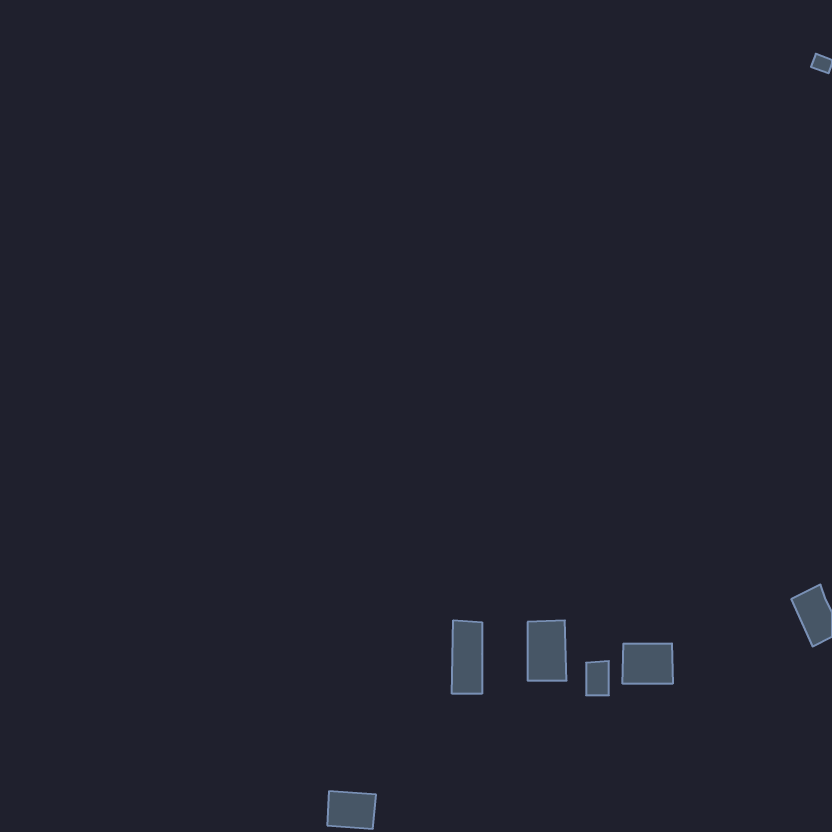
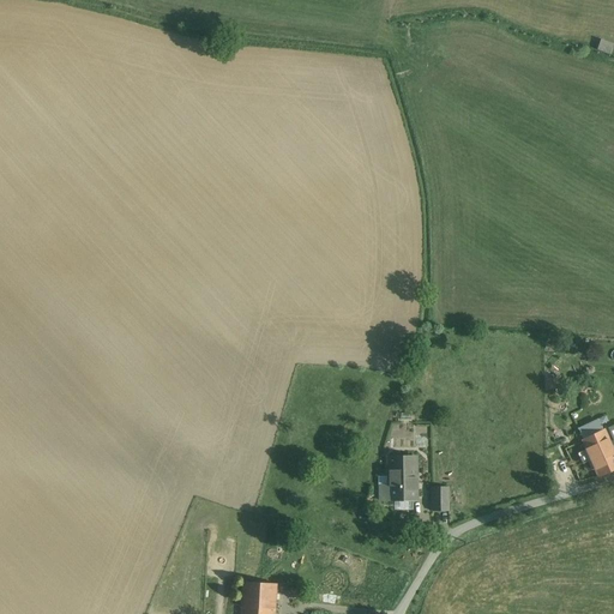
building: [452,620,482,694] -> none
building: [623,643,673,684] -> none

